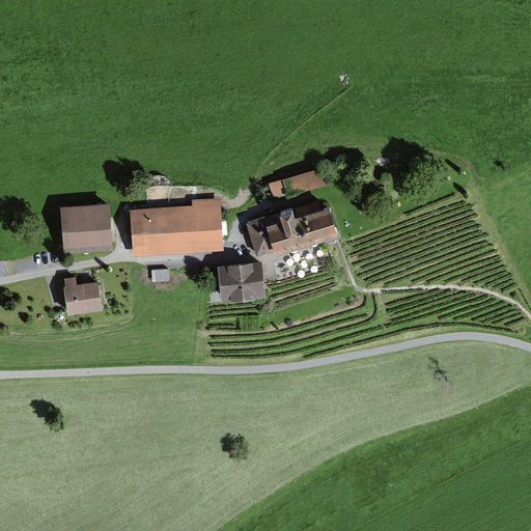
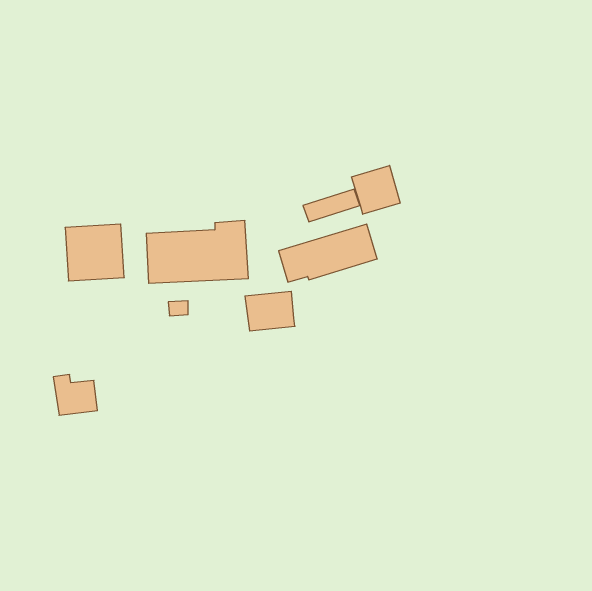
building: none -> [351,165,400,214]
building: [58,277,97,313] -> [53,375,97,415]

